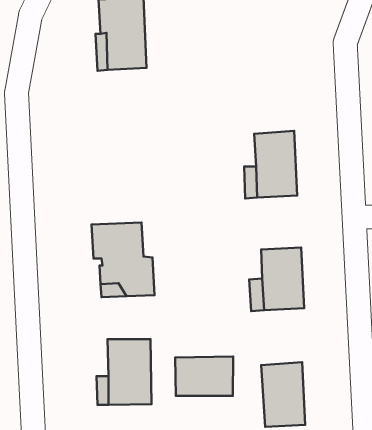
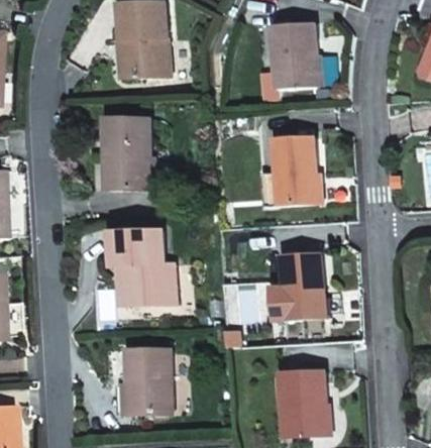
building: none -> [260,23,319,88]
building: none -> [106,118,150,188]
building: [175,356,233,396] -> none

